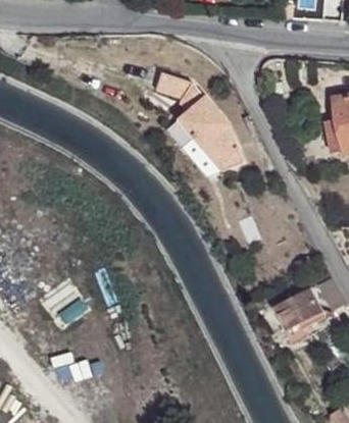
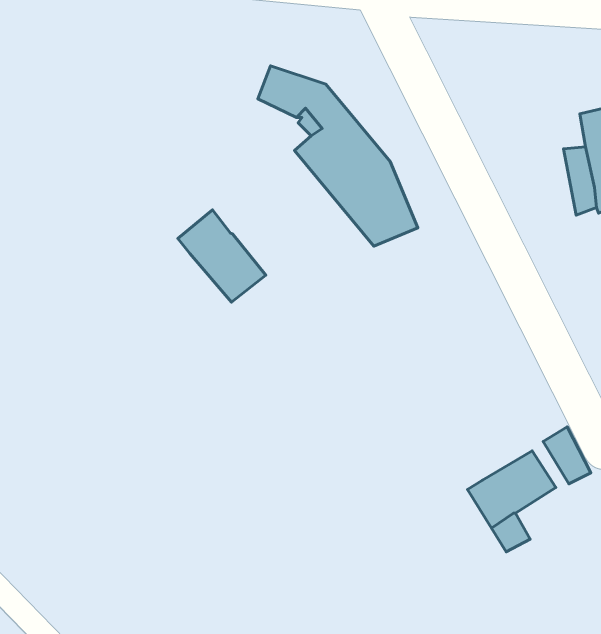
building: none -> [178,210,266,302]

